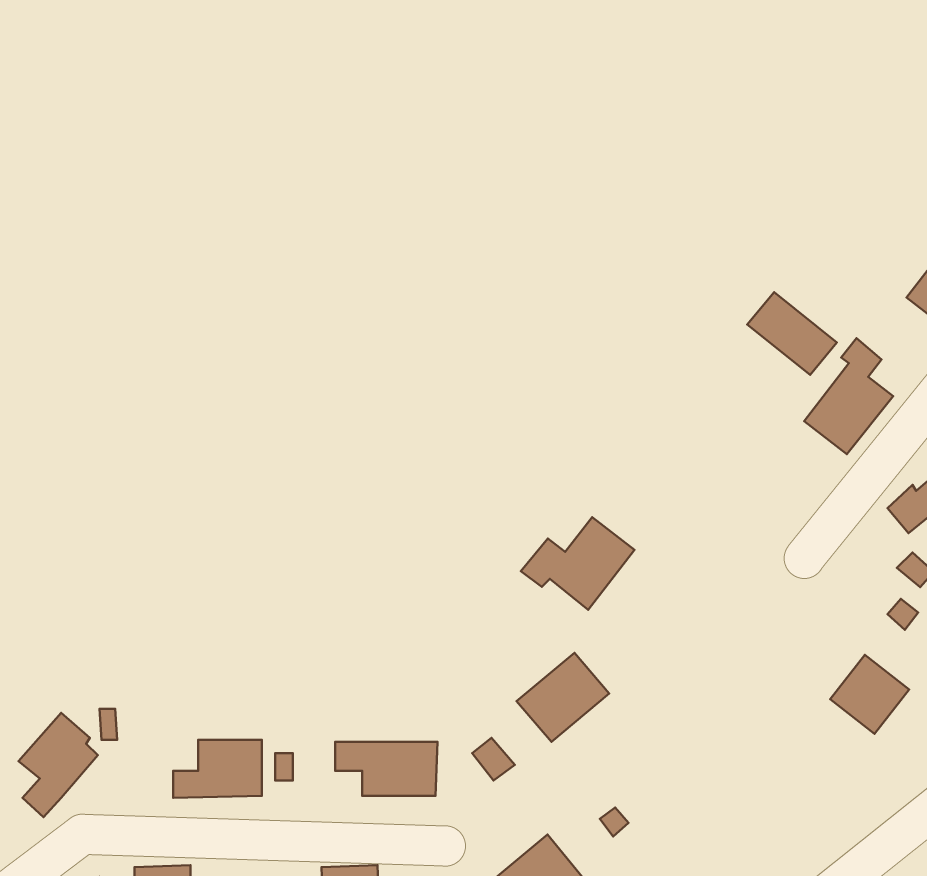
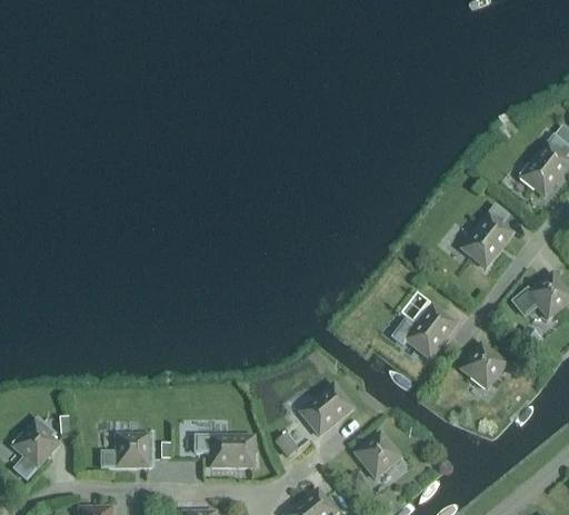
building: [747,292,837,375] -> none
building: [521,517,635,610] -> [390,305,456,358]
building: [830,655,909,734] -> [460,343,506,388]
building: none -> [355,432,400,477]

